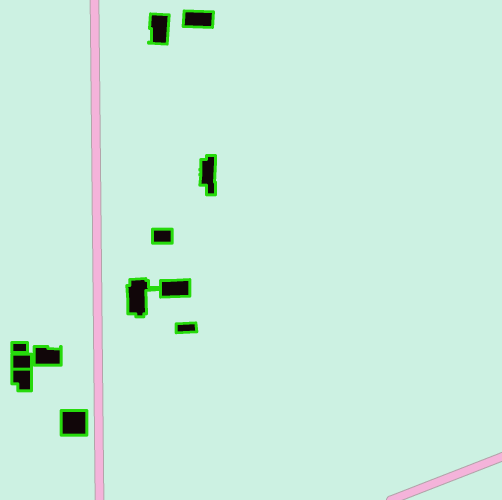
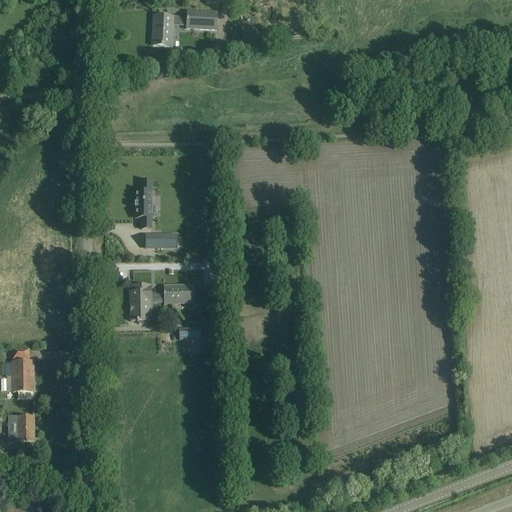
building: [200,156,215,195] -> [134,187,150,227]
building: [34,346,61,365] -> none
building: [61,411,87,435] -> [7,415,33,440]

